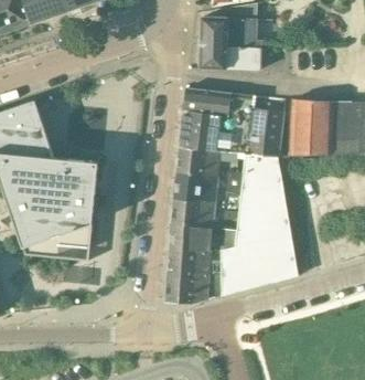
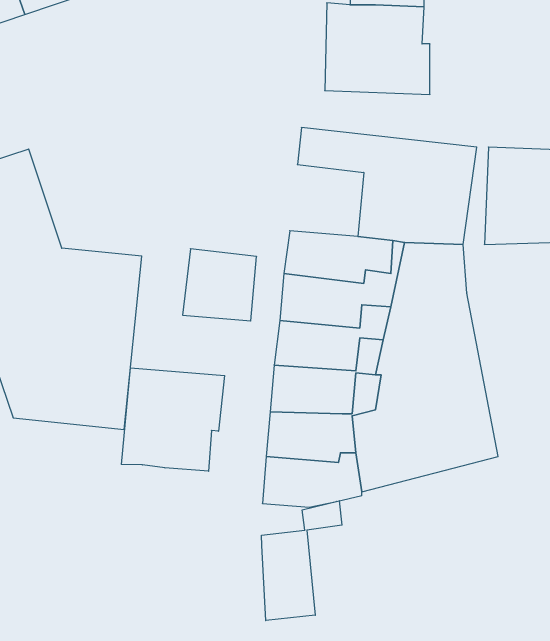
building: [181,108,223,149] -> [183,249,257,321]
building: none -> [121,368,225,471]
building: none -> [262,501,342,621]

